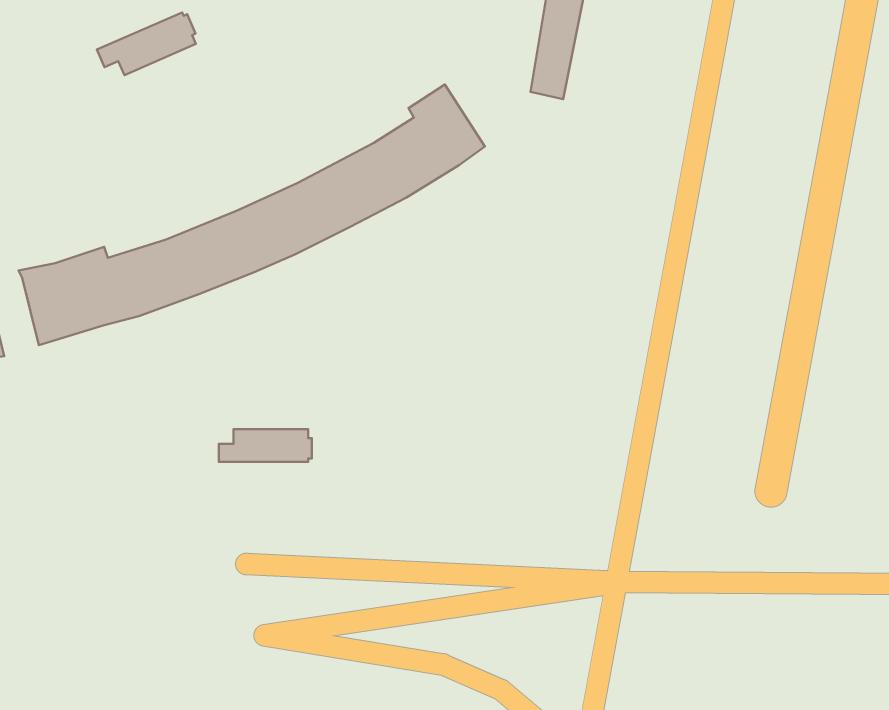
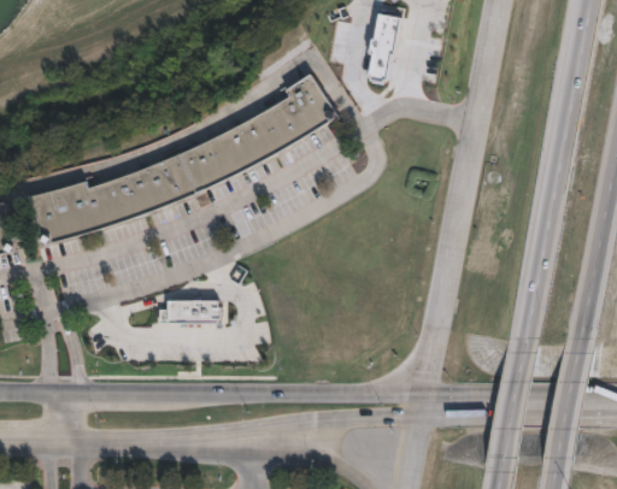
building: [97,12,196,75] -> none

